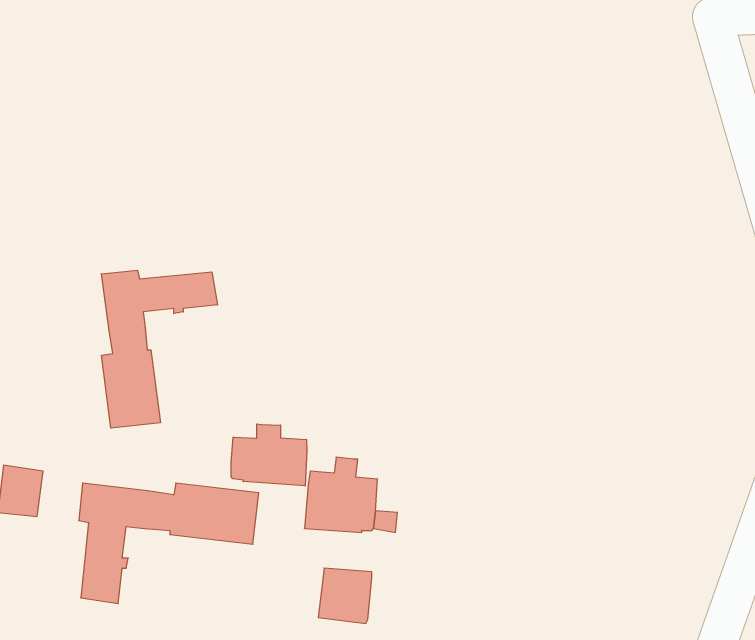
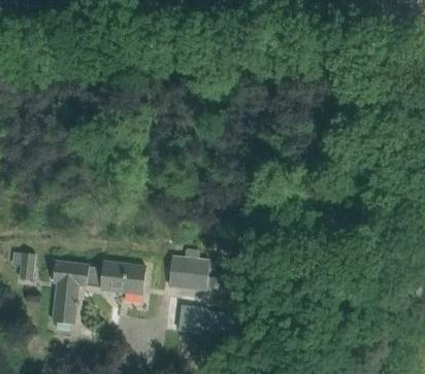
building: [101,270,217,428] -> none
building: [231,424,307,486] -> none

